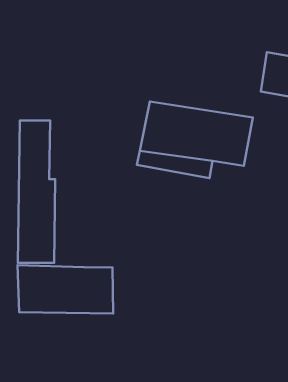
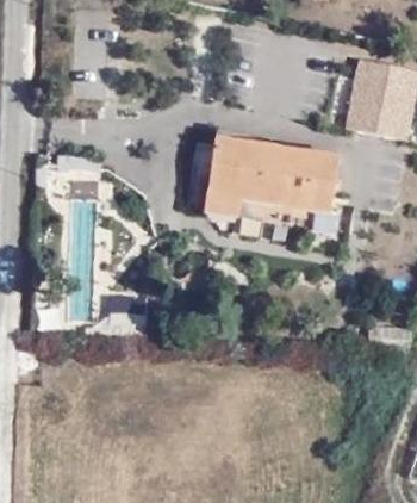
building: [18,265,113,313] -> none

